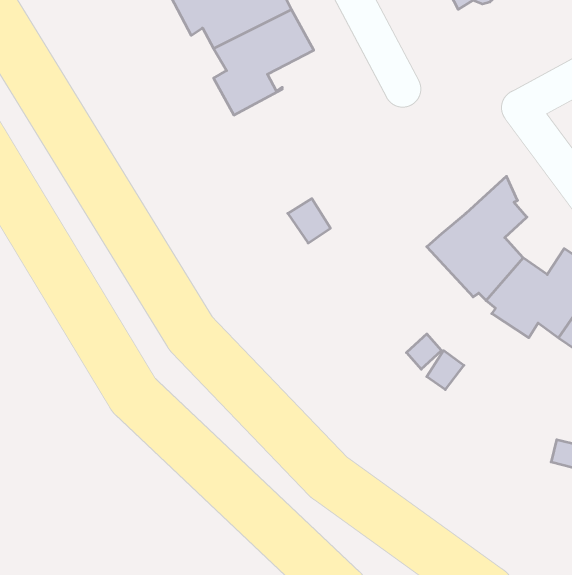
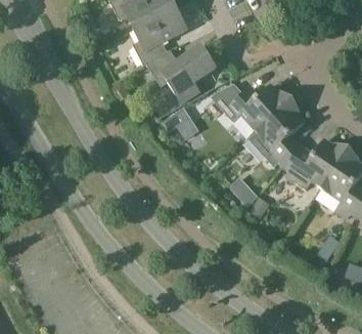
building: none -> [143,45,216,103]
building: none -> [213,84,293,130]

